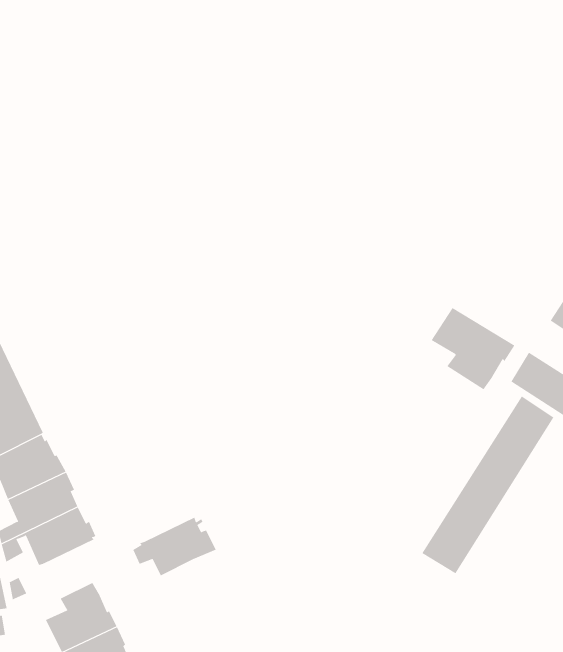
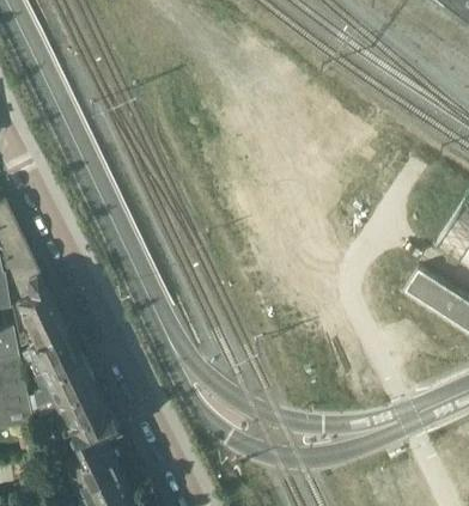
building: [431,307,515,390] -> none
building: [422,396,554,574] -> none
building: [133,517,216,576] -> [56,403,117,446]

